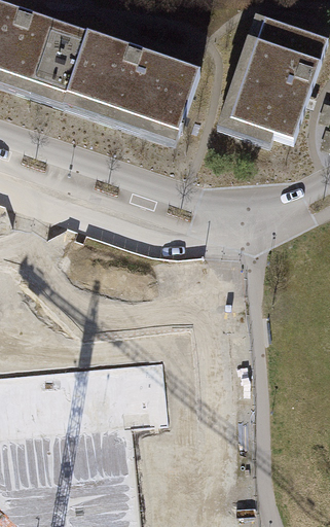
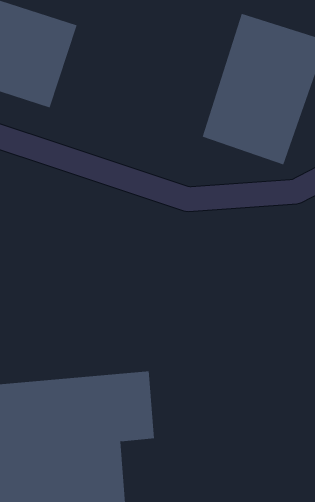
building: [68,32,207,147] -> none

